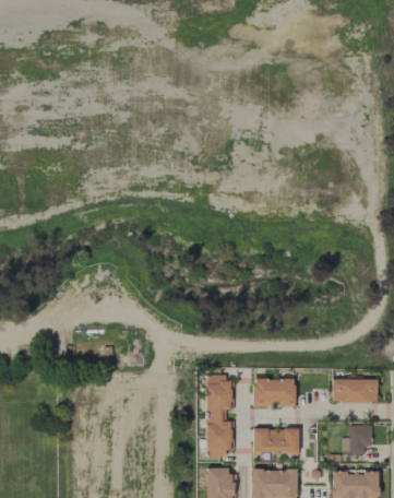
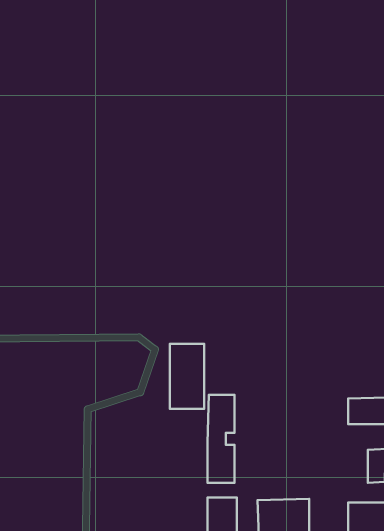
building: none -> [170,344,204,409]
building: [253,378,296,406] -> none
building: [253,428,299,453] -> none

